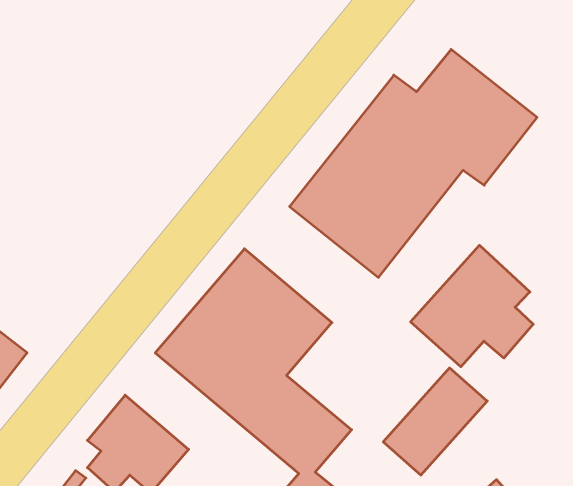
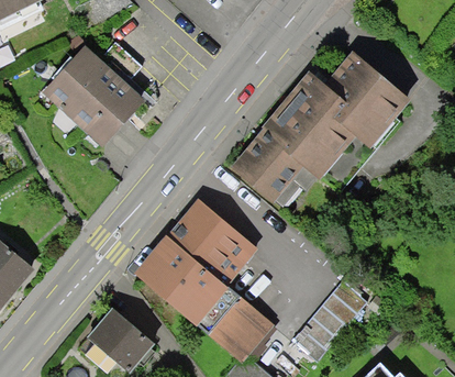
building: none -> [37,43,144,148]
building: [411,245,533,367] -> none

